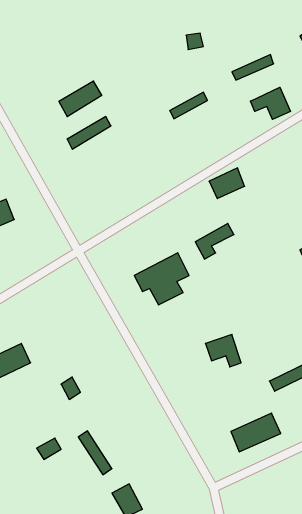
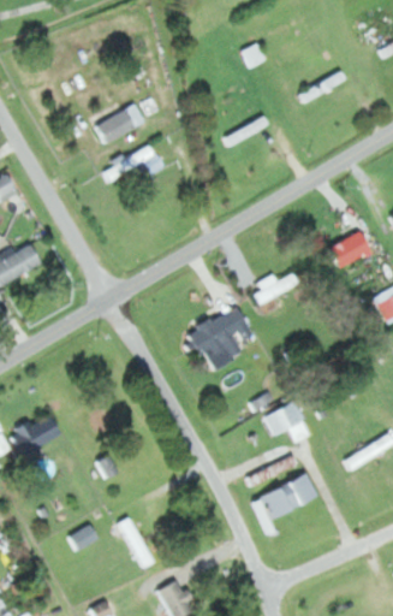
building: [250,87,291,119] -> none
building: [209,168,245,199] -> [327,231,369,267]
building: [231,413,281,452] -> [258,473,317,519]

